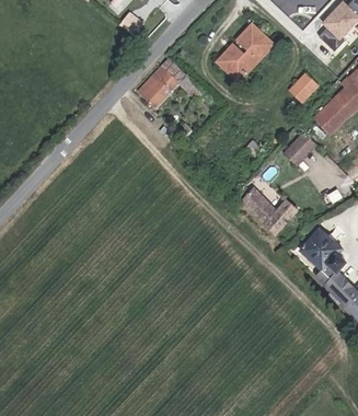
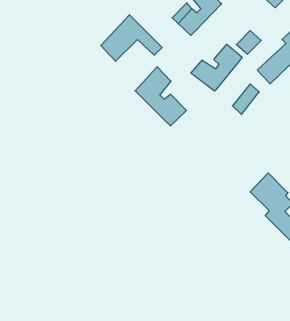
building: none -> [191,44,242,91]
building: none -> [135,67,186,126]
building: [244,193,299,235] -> none

